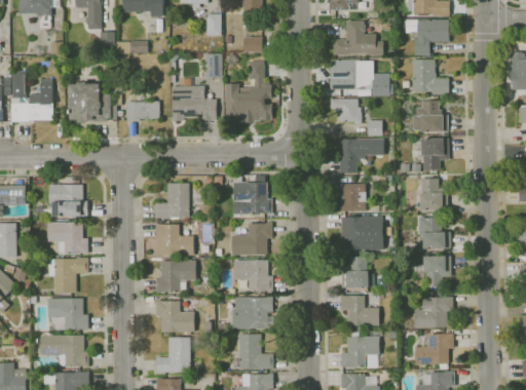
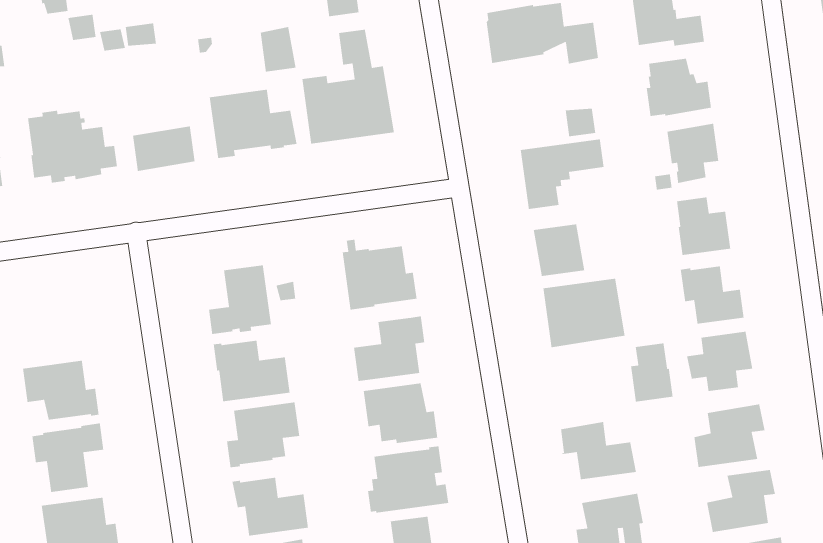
building: [330,99,362,123] -> none
building: [49,185,88,216] -> none
building: [346,257,368,287] -> [630,343,674,402]

